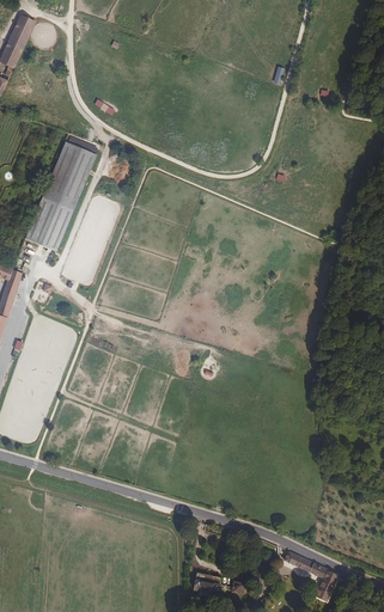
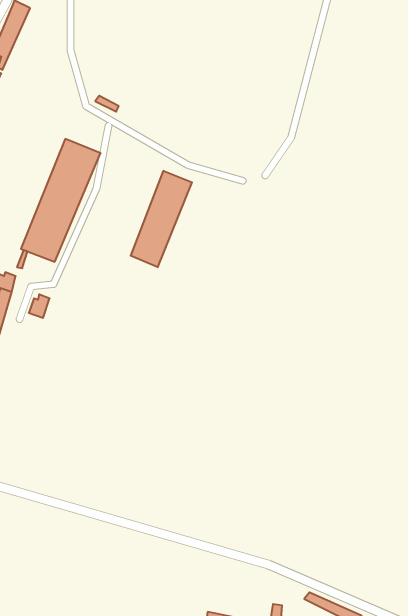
building: none -> [131,171,192,267]

